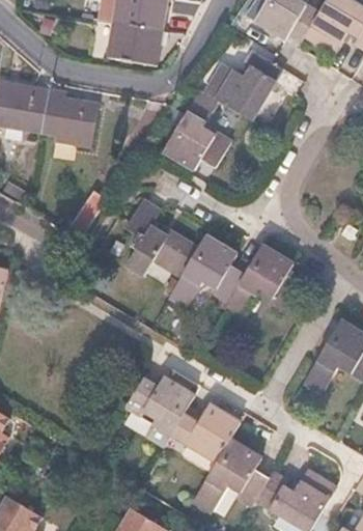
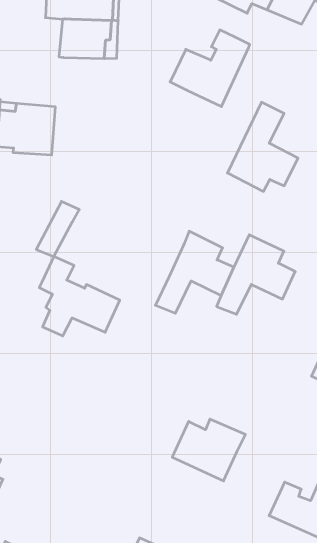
building: [162,89,228,171] -> [227,102,298,191]
building: [128,196,201,271] -> [39,257,120,336]
building: [129,376,194,447] -> none
building: [192,438,267,511] -> none

